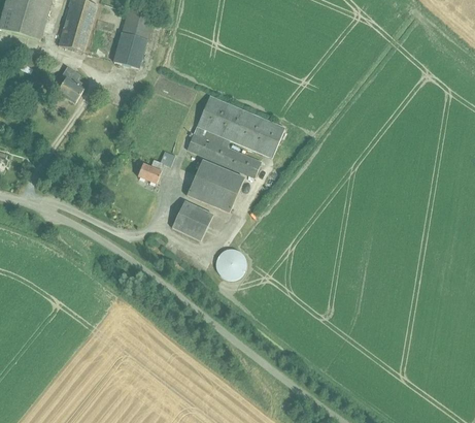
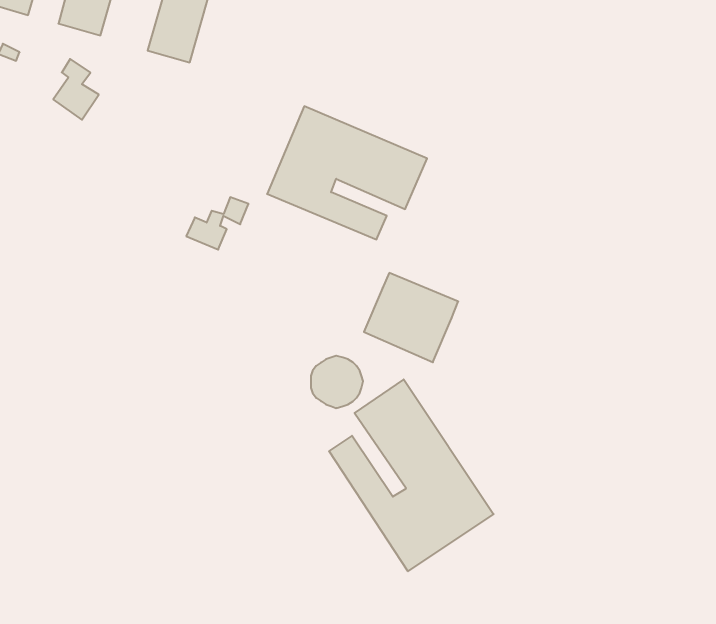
building: [186,159,244,214] -> [364,273,458,362]
building: [171,201,212,241] -> none
building: none -> [329,379,494,571]

